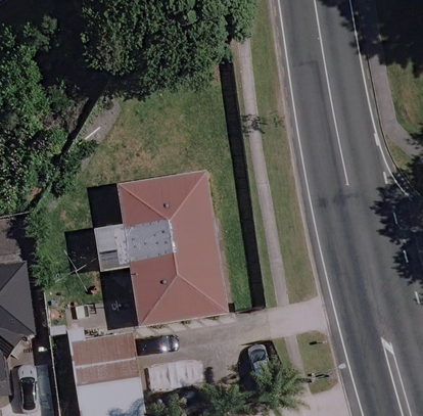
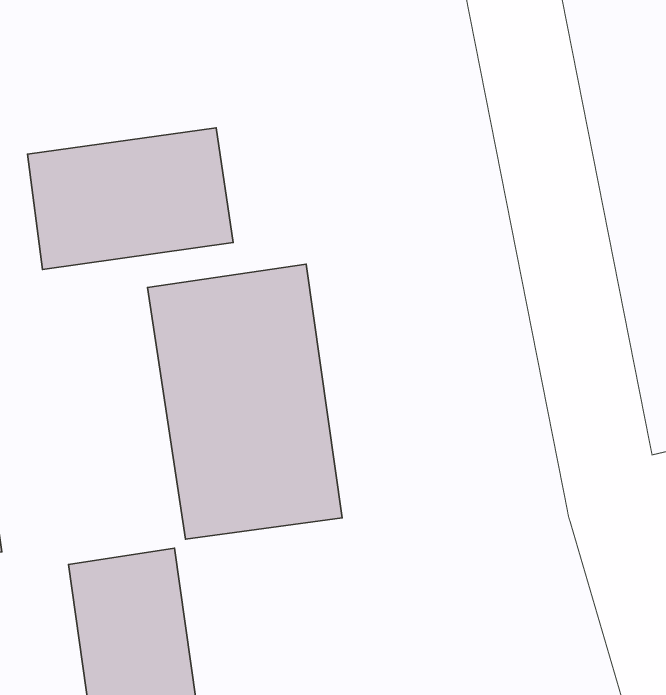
building: none -> [28,128,233,270]

